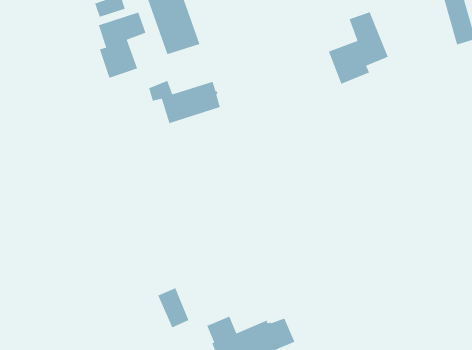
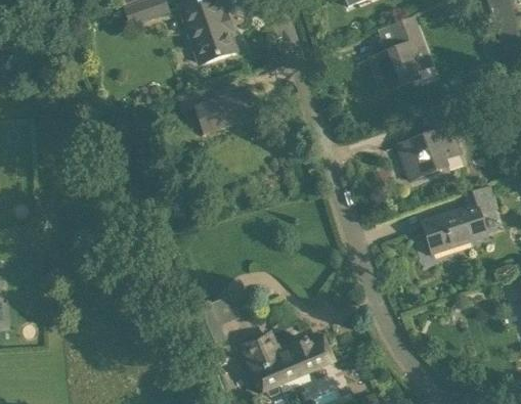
building: [98,12,147,79] -> none
building: none -> [397,104,460,180]
building: none -> [422,186,497,253]

